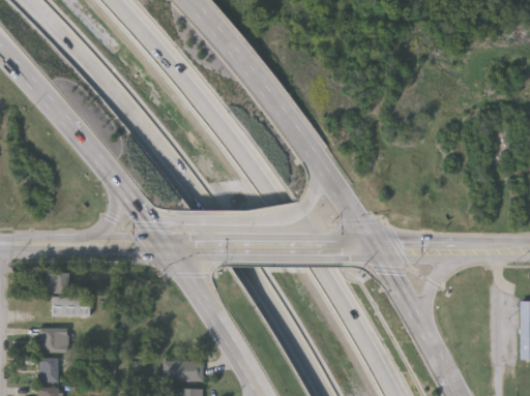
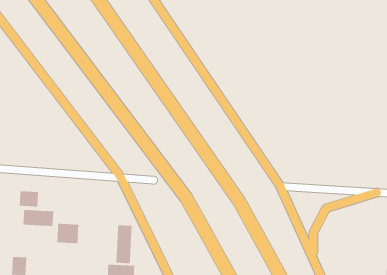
building: none -> [116,224,132,264]
building: [41,328,69,353] -> [57,223,79,244]

